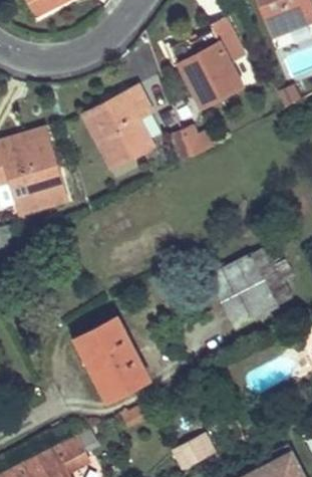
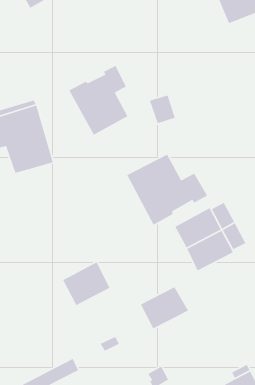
building: [170,20,243,107] -> none
building: none -> [126,153,208,226]
building: [91,350,149,402] -> [140,286,189,329]

